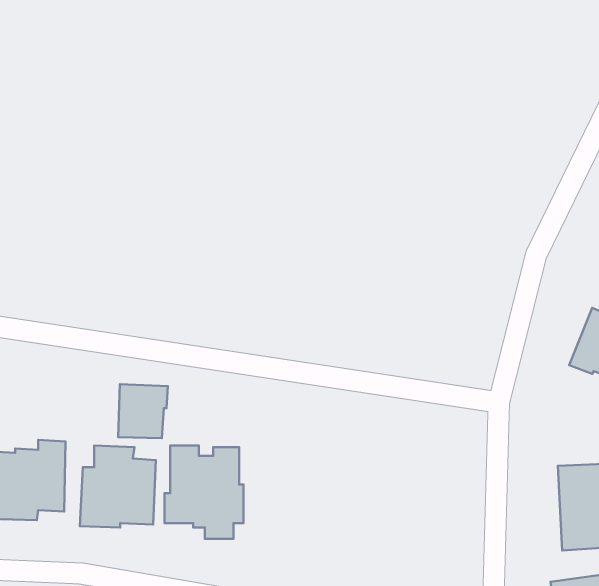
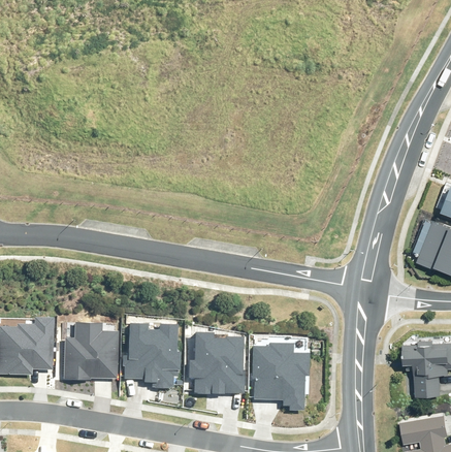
building: [118,384,168,438] -> none
building: none -> [190,332,245,394]
building: none -> [252,343,310,411]

